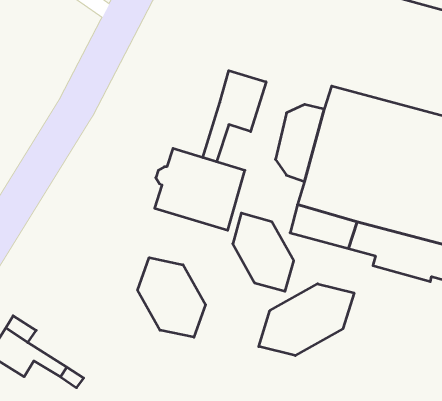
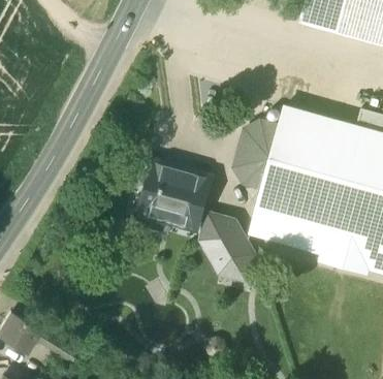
building: [203,71,266,162] -> none
building: [138,258,206,337] -> none
building: [259,284,354,356] -> none

